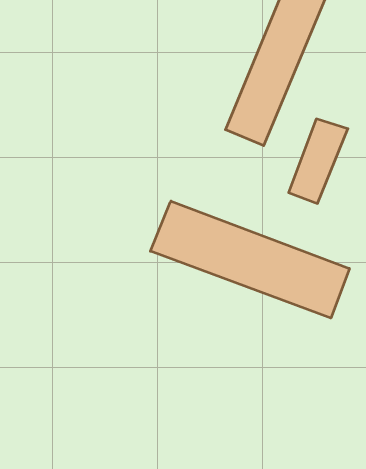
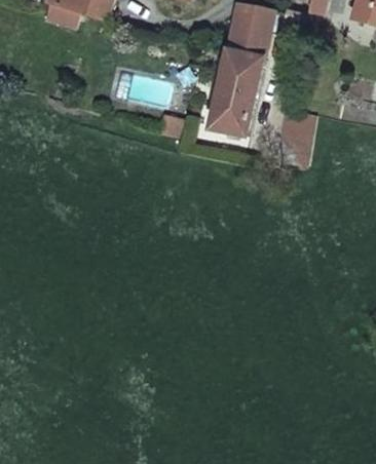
building: [150,201,349,318] -> none

